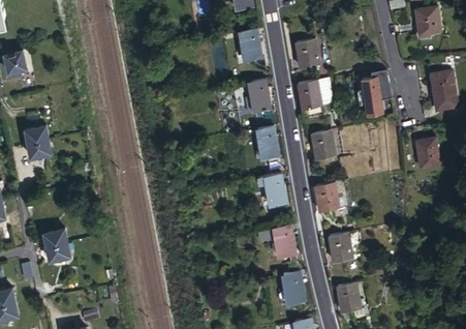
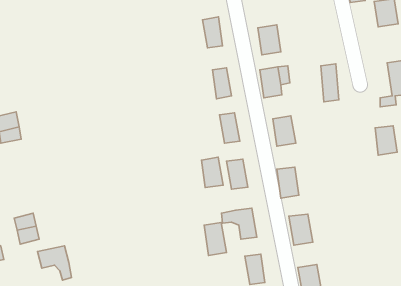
building: none -> [202,157,223,188]
building: none -> [204,223,227,256]
building: none -> [37,246,71,280]

